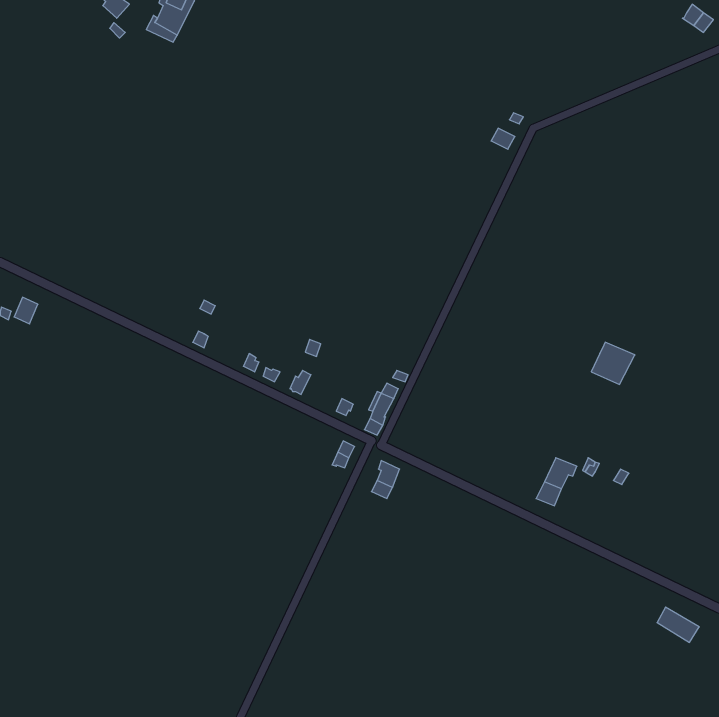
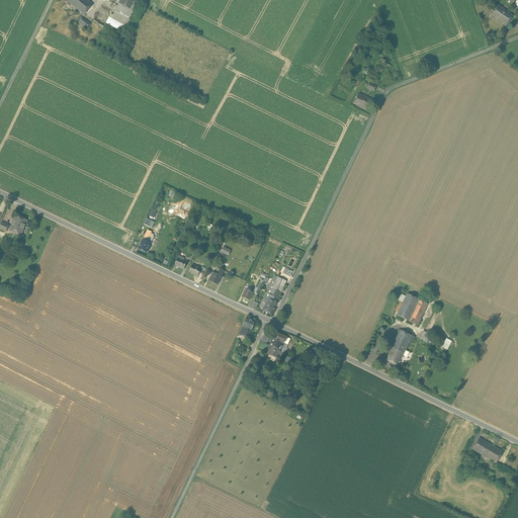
building: [591,342,635,384] -> [397,292,428,323]

